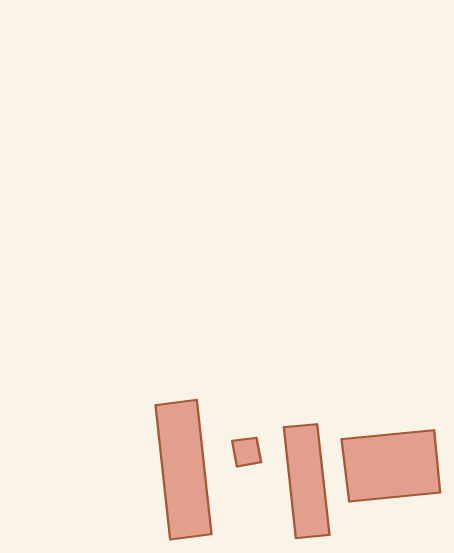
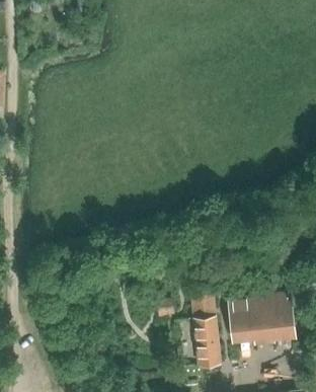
building: [155,400,211,540] -> none

